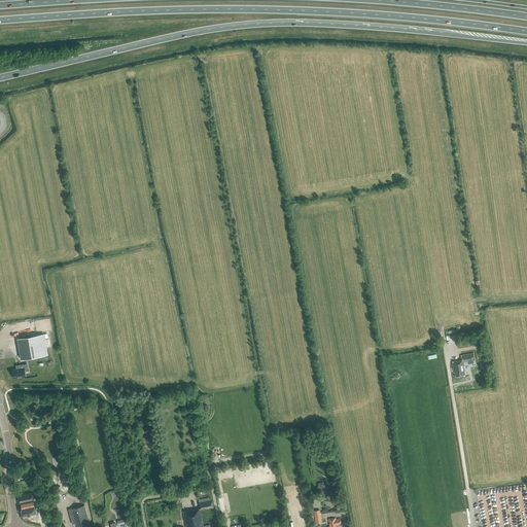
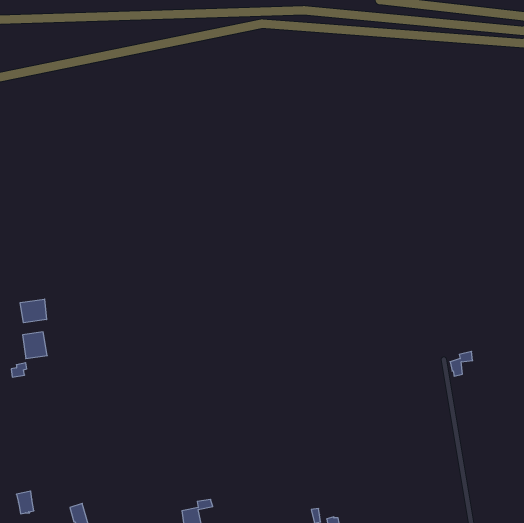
building: none -> [20,299,47,323]

